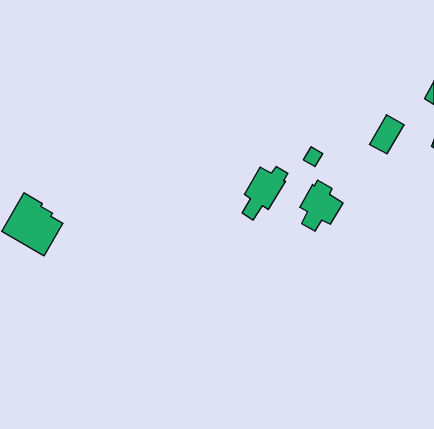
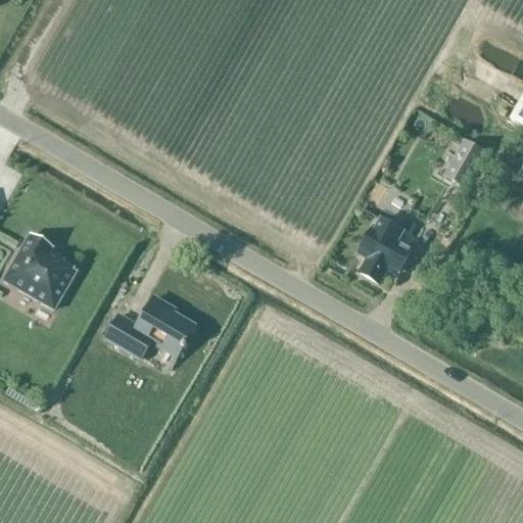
building: [242,166,288,220] -> none
building: none -> [103,294,195,359]

